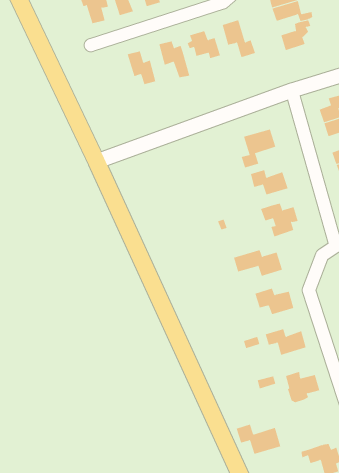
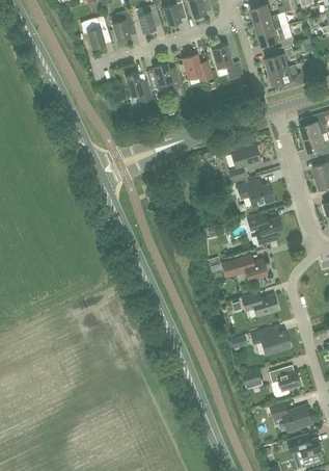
building: none -> [269,66,303,89]
building: [236,424,281,454] -> [271,401,312,429]

